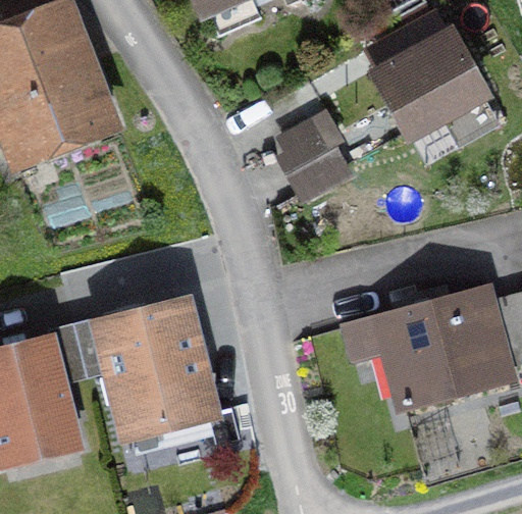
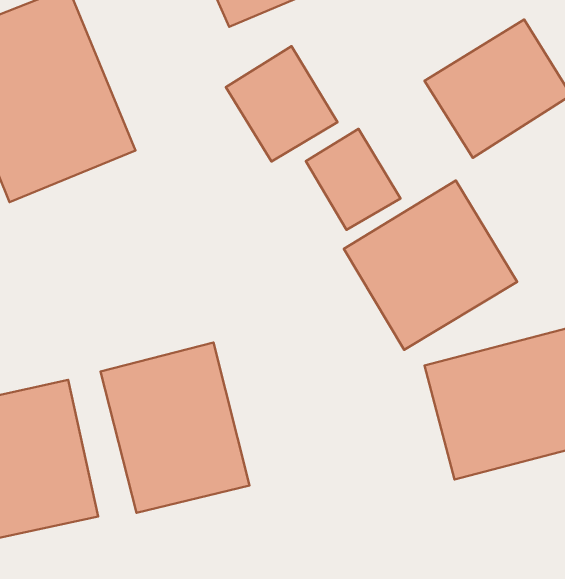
building: none -> [226,46,338,162]
building: none -> [344,180,517,350]

